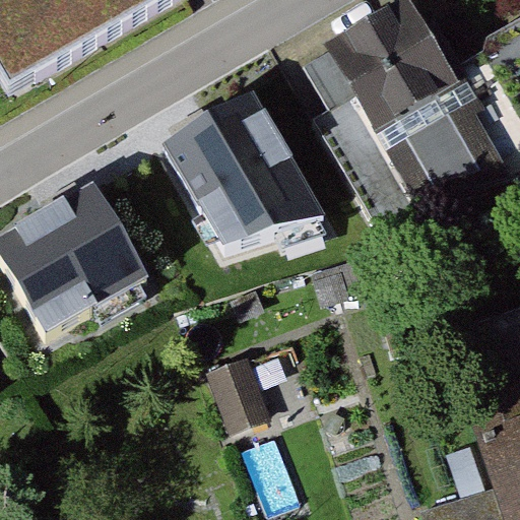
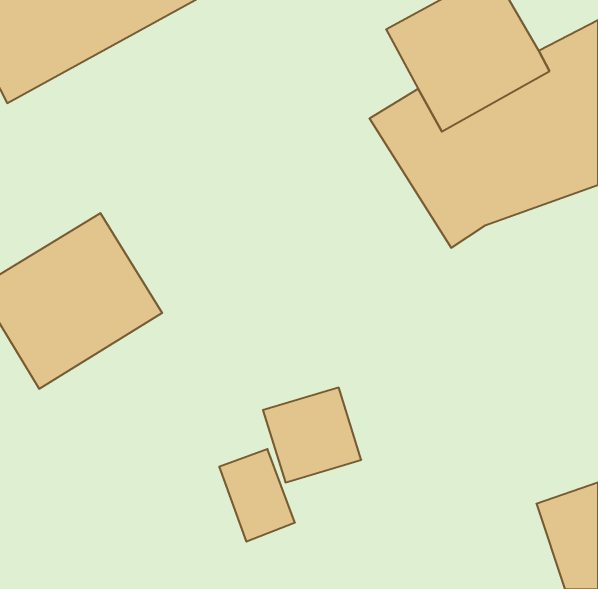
building: [160,90,325,250] -> none

